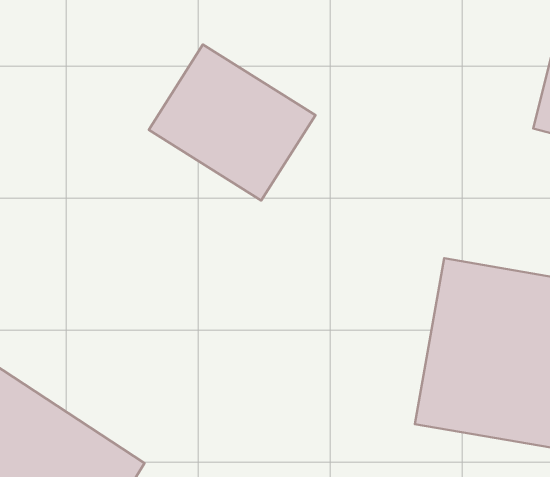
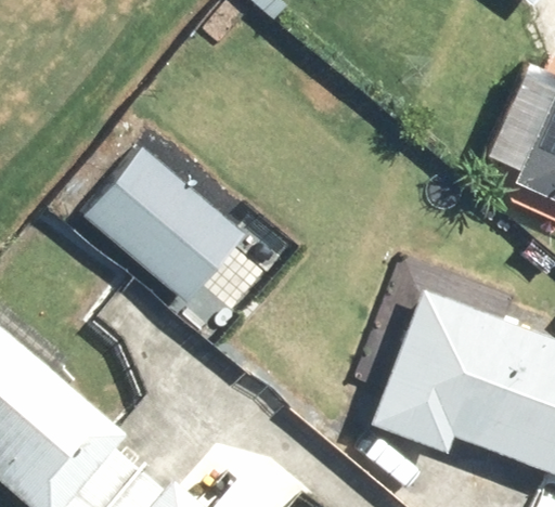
building: [149,45,315,201] -> [87,143,236,289]

